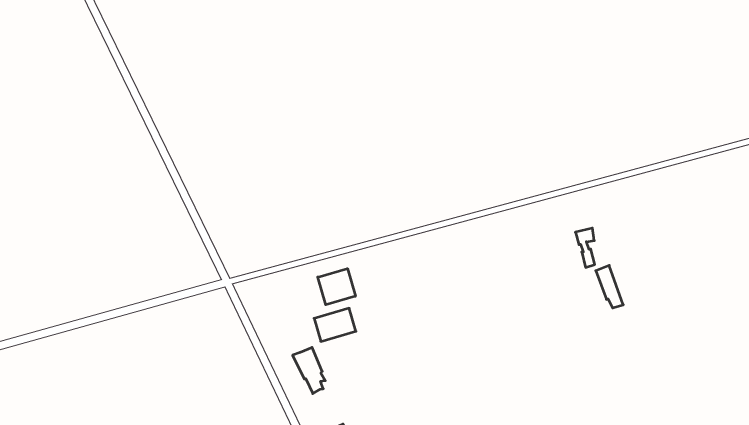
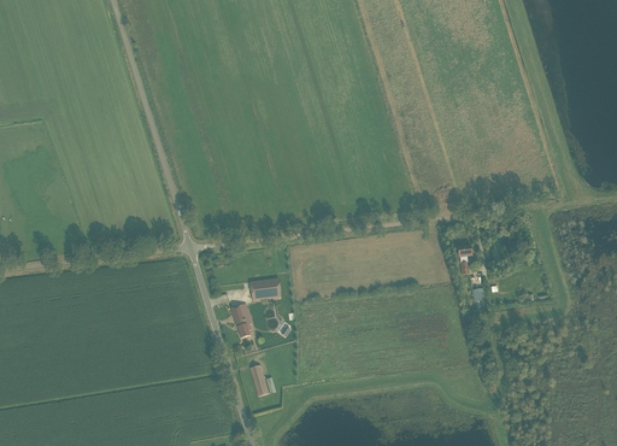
building: [318,269,355,305] -> none

